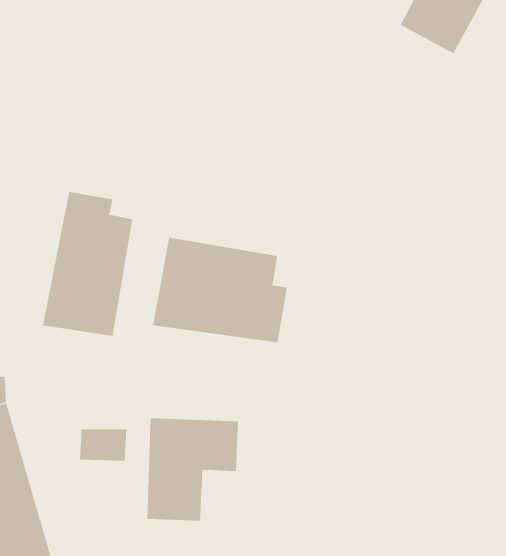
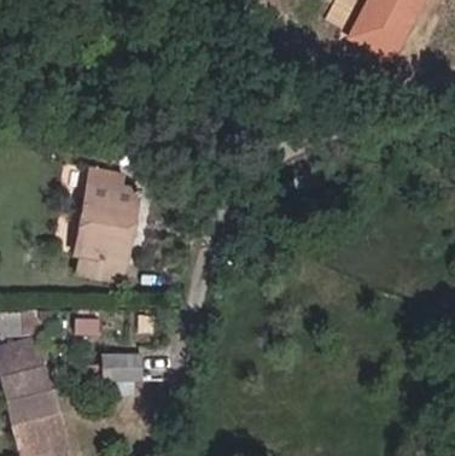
building: [152,237,288,343] -> none
building: [147,418,239,521] -> none

